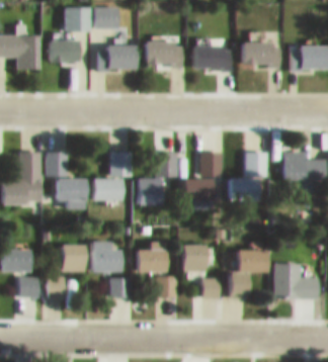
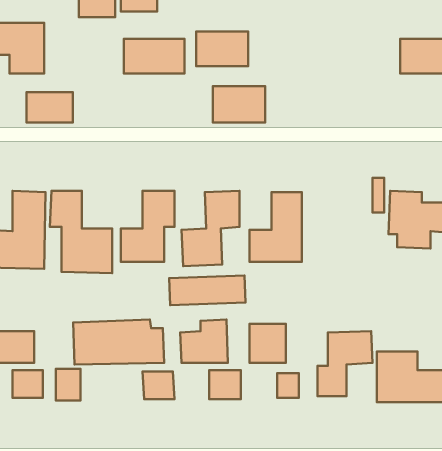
building: [48,39,80,61] -> [26,92,73,123]
building: [241,41,279,66] -> none
building: [193,44,230,70] -> [213,86,265,122]
building: [225,152,265,202] -> none
building: none -> [169,275,246,305]

